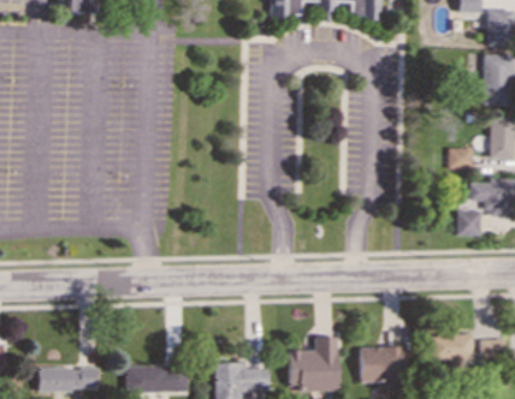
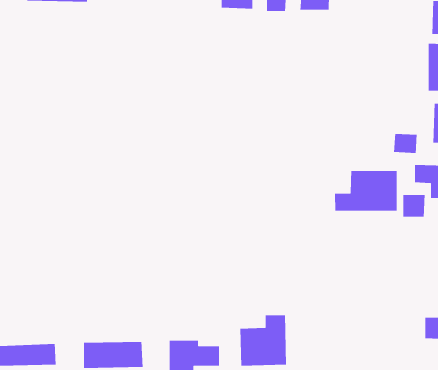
building: none -> [334,170,398,212]
building: [431,333,474,364] -> none
building: [361,345,406,381] -> none

